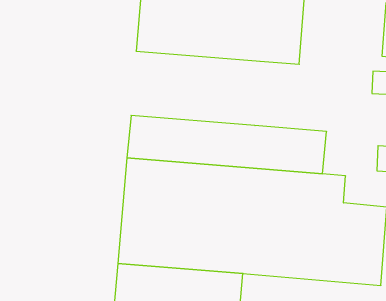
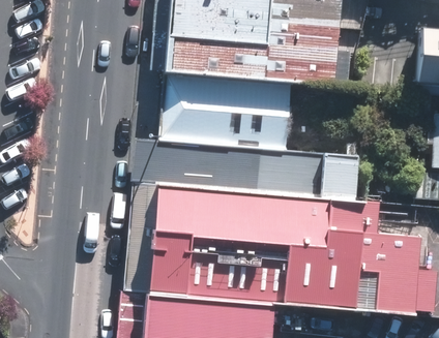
building: none -> [160,74,293,151]

